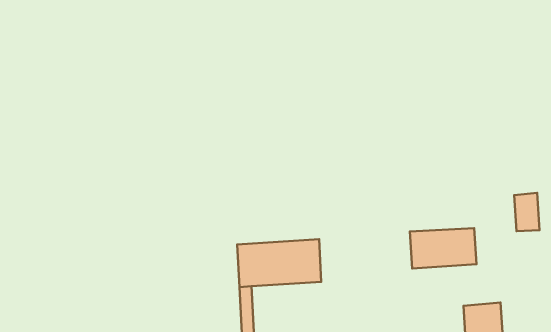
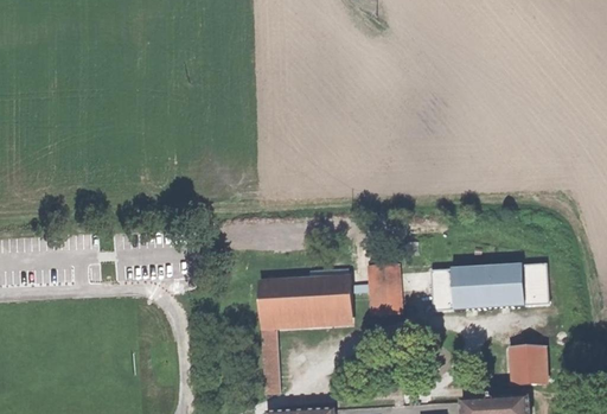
building: [514,193,539,231] -> [517,261,544,302]
building: none -> [369,263,401,313]
building: none -> [427,267,449,308]

